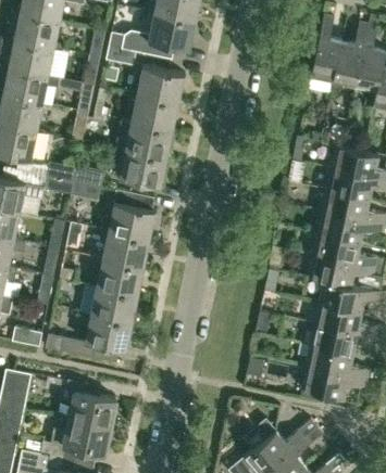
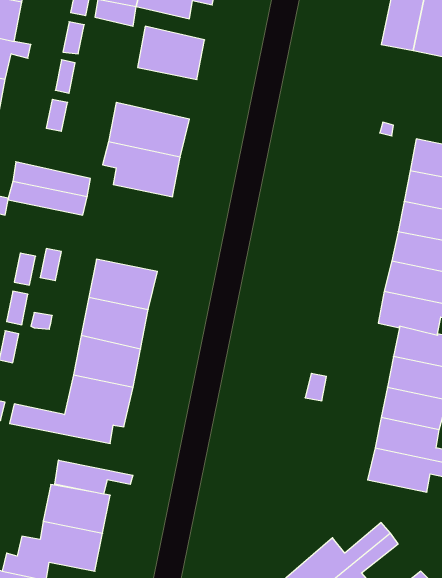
building: [130,93,178,130] -> none
building: [107,201,155,239] -> none
building: none -> [55,460,133,494]

